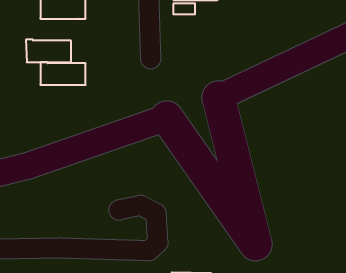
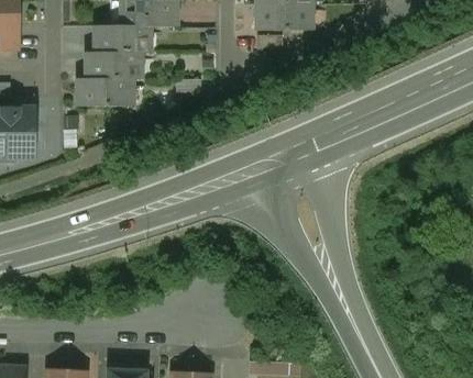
building: [40,62,86,85] -> [86,52,141,79]

